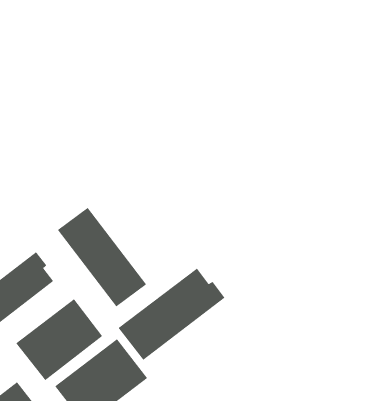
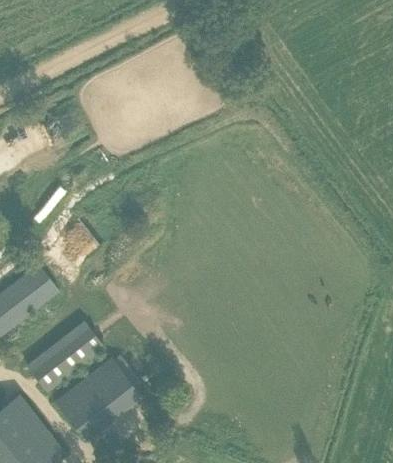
building: [57,207,147,308] -> none
building: [117,267,226,361] -> none

